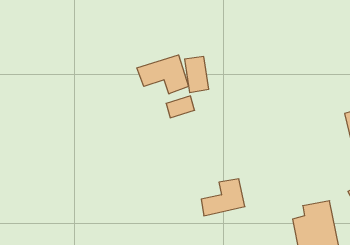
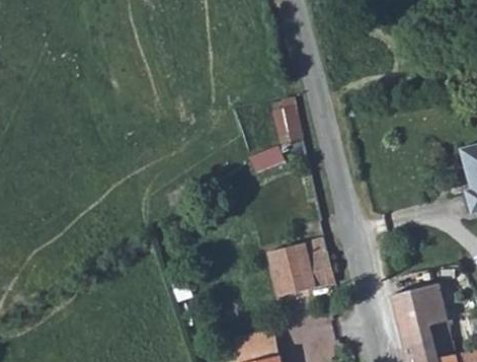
building: [137,55,189,94] -> none
building: none -> [273,238,311,295]

